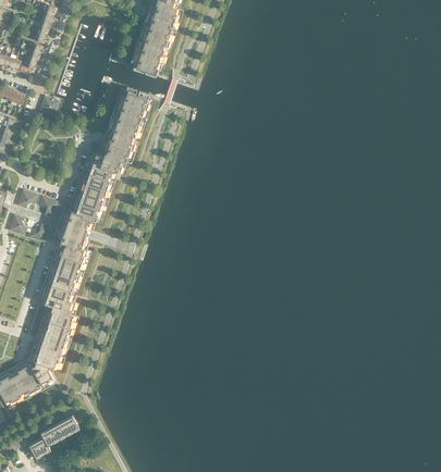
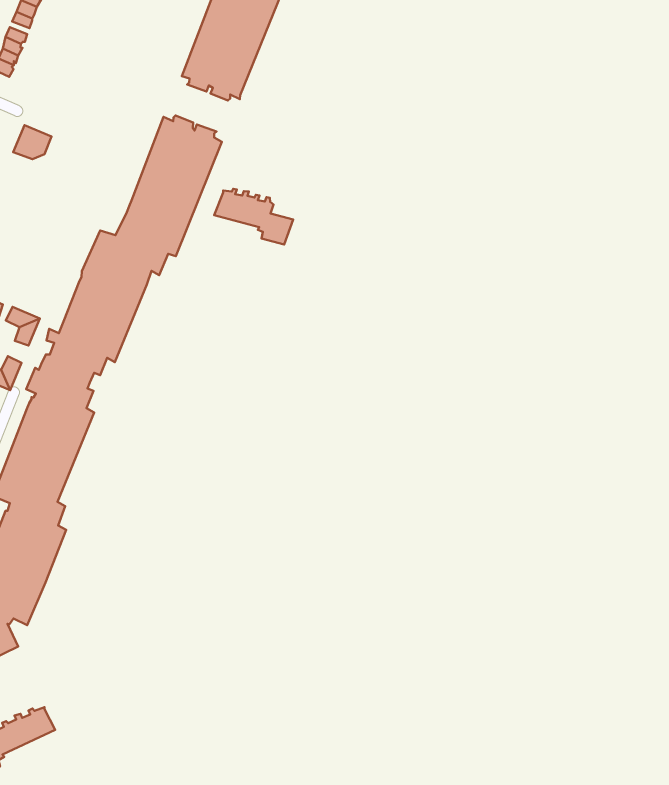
building: none -> [214,189,293,244]

